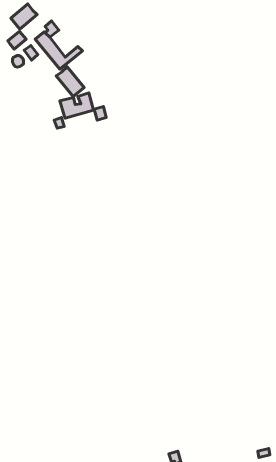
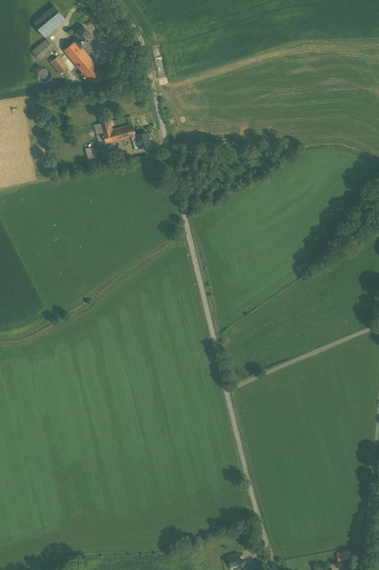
building: [56,67,84,97] -> none

